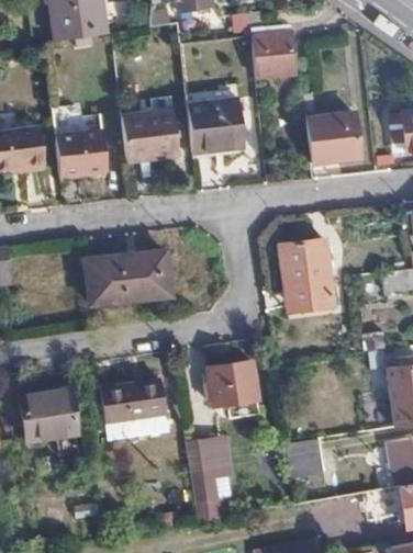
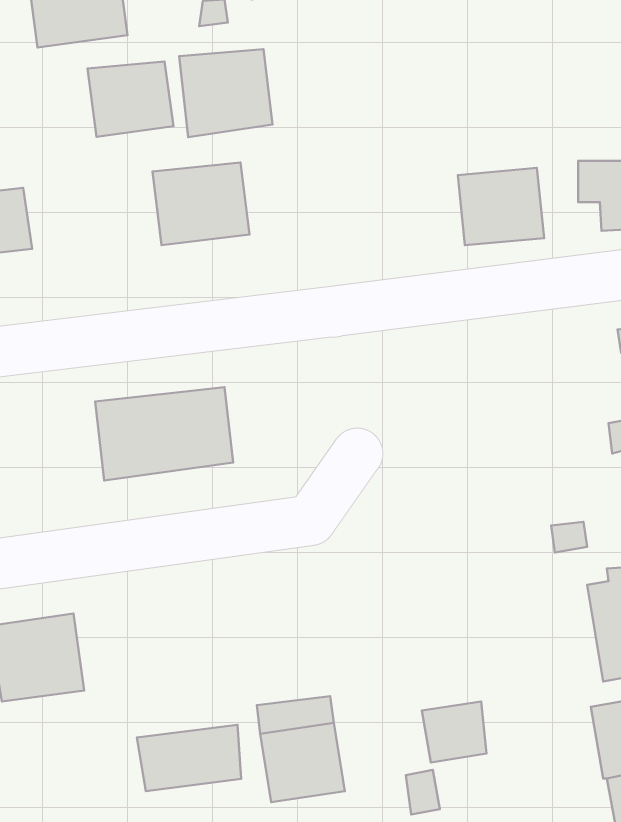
building: [245,35,288,79] -> none
building: [187,101,244,155] -> [179,49,273,137]
building: [55,131,108,177] -> [87,61,174,137]
building: [283,240,338,313] -> none
building: [206,360,256,403] -> none
building: [103,382,167,422] -> [137,725,241,791]

